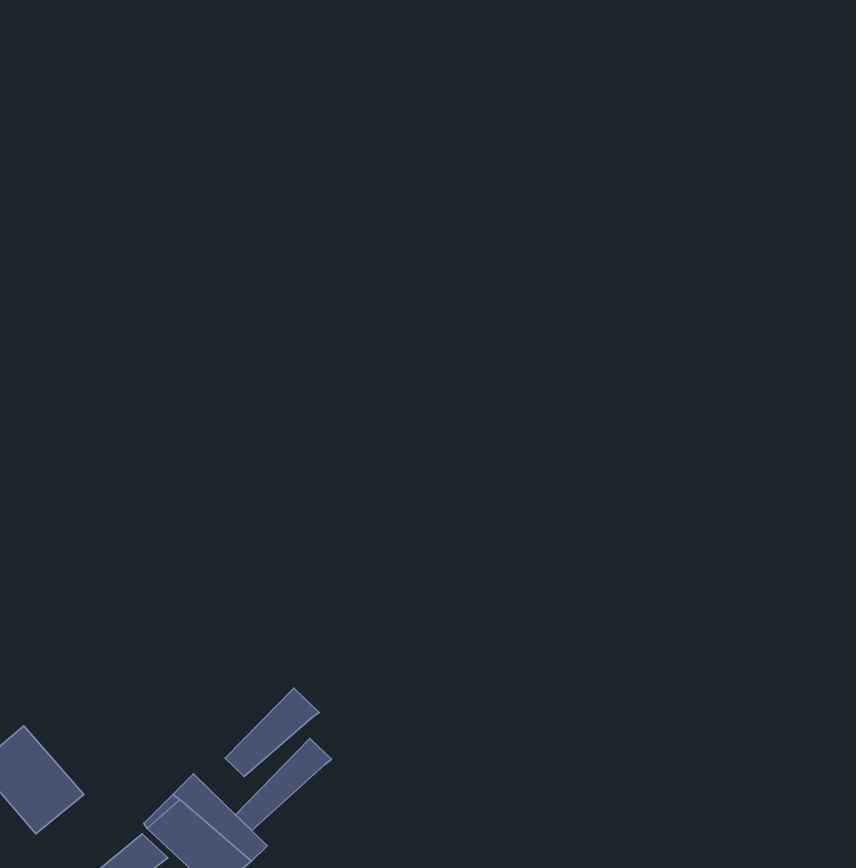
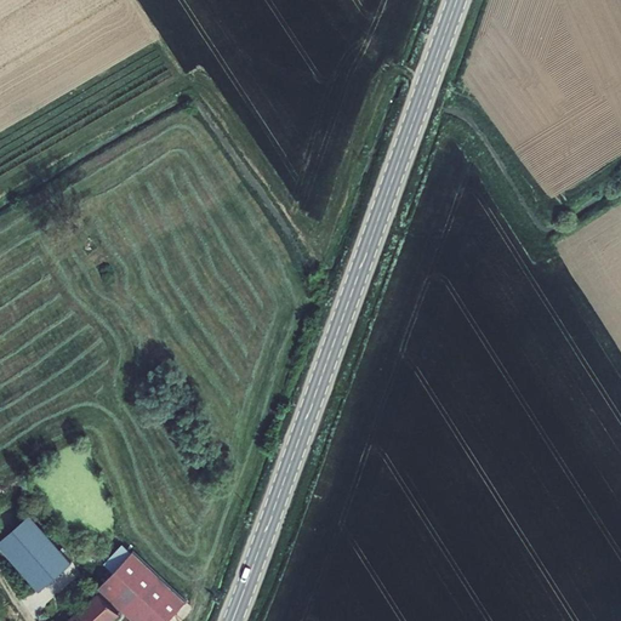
building: [225,688,319,776] -> none
building: [235,739,332,830] -> none

